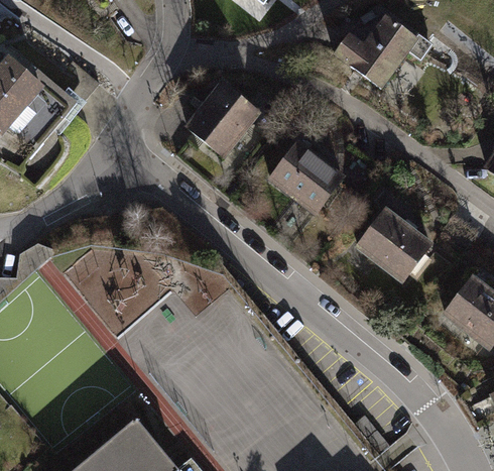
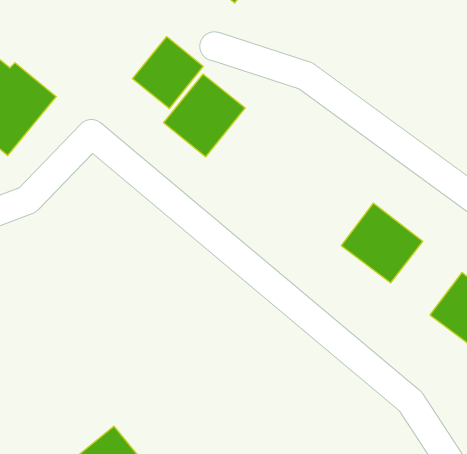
building: [333,12,435,89] -> none
building: none -> [133,37,203,109]
building: [267,138,347,216] -> none

